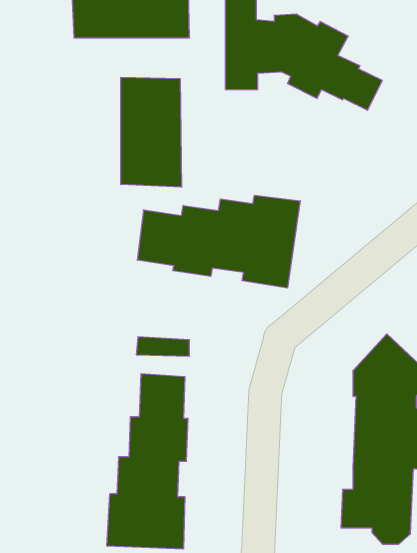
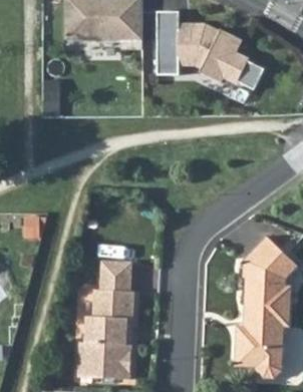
building: [121,77,182,187] -> none
building: [137,195,300,288] -> none

